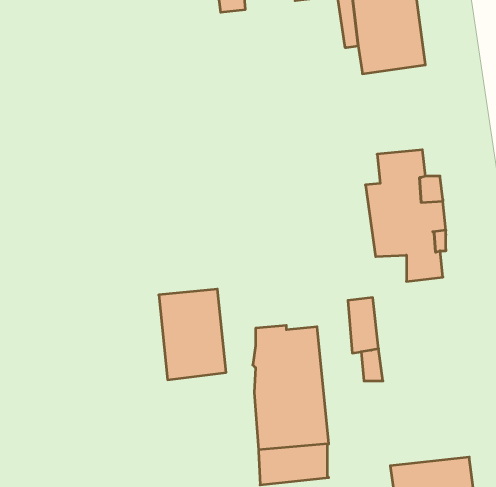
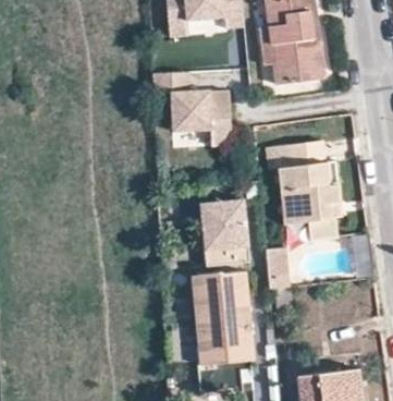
building: none -> [155,70,236,144]
building: [159,289,226,380] -> [195,197,245,265]

